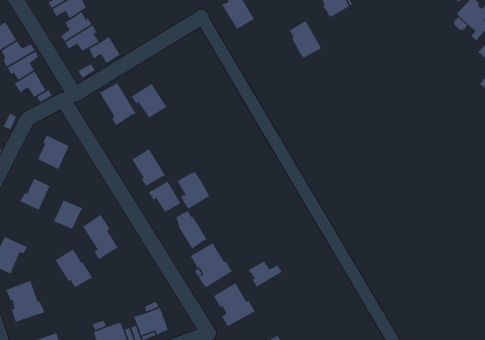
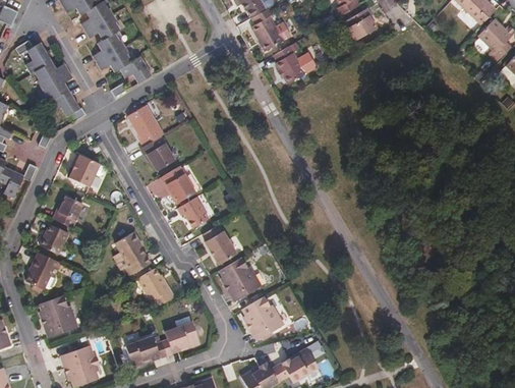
building: [289,20,322,59] -> [272,46,304,84]
building: [131,83,168,119] -> [142,134,178,169]
building: [176,171,211,210] -> none
building: [53,199,83,230] -> [39,226,68,256]
building: [54,248,93,288] -> [136,269,174,308]
building: [248,260,283,288] -> none

